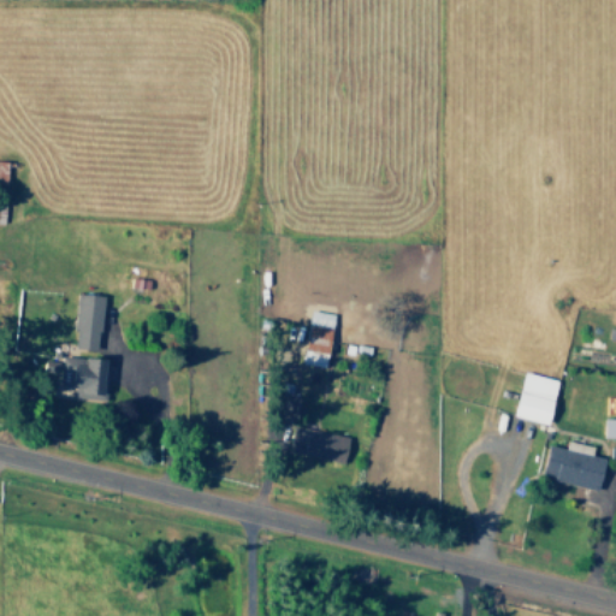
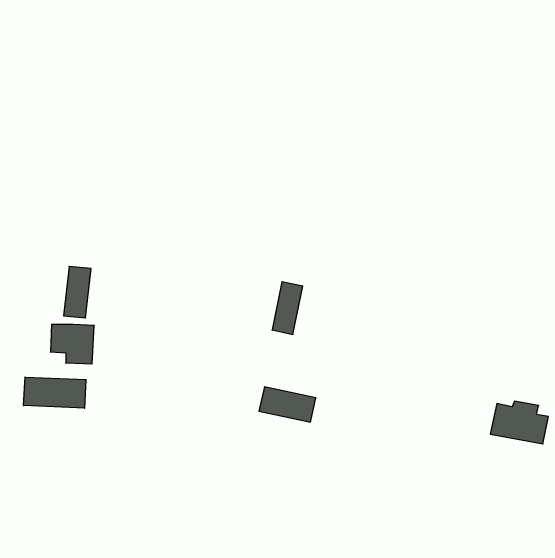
building: [517,374,562,426] -> none
building: none -> [24,377,86,408]

